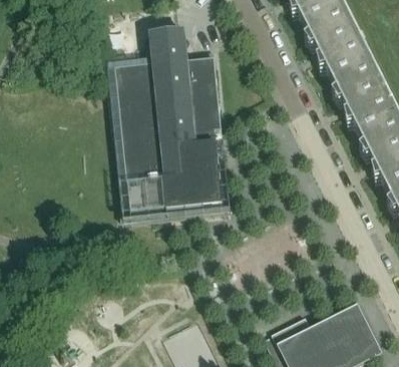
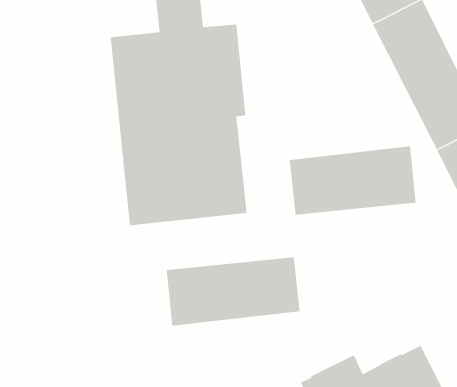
building: none -> [289,146,416,216]
building: none -> [166,256,300,327]

